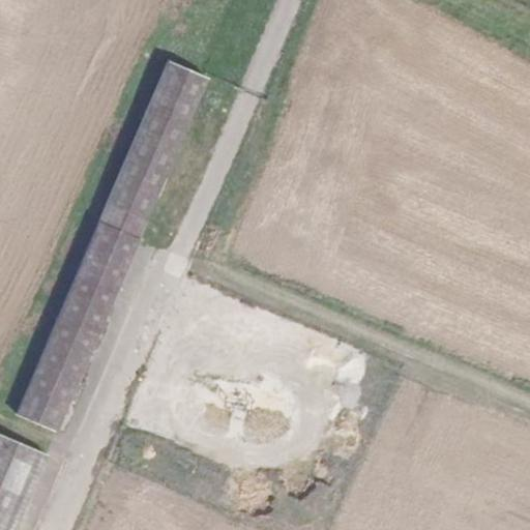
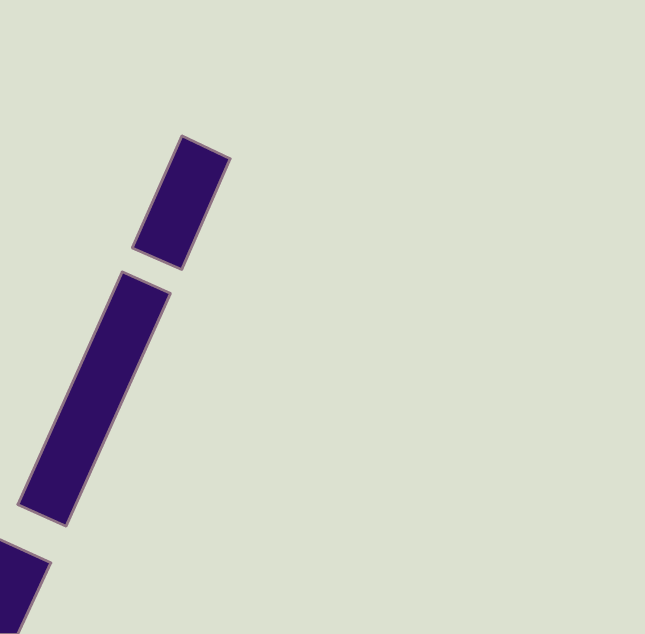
building: [148,61,210,129] -> none
building: [99,202,148,239] -> none

